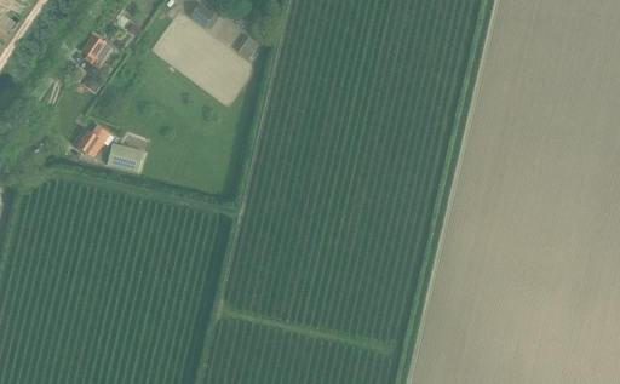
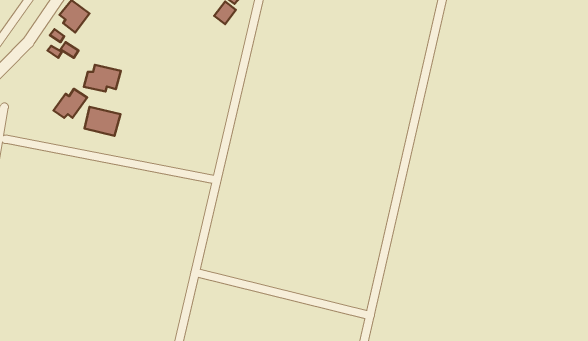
building: none -> [84,65,121,92]

